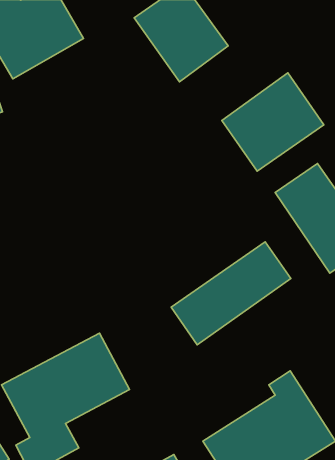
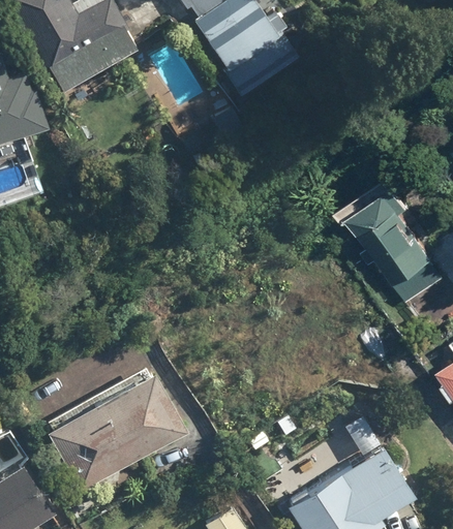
building: [222,73,324,171] -> none
building: [171,242,291,345] -> none

